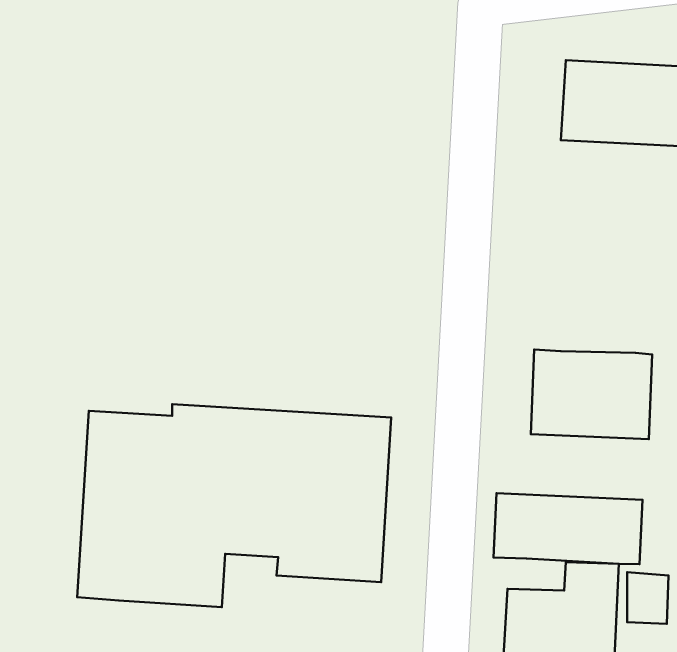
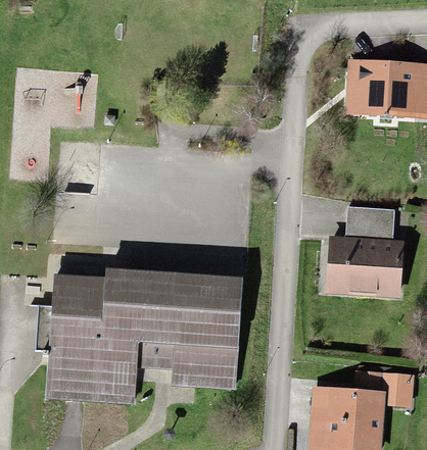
building: none -> [346,208,393,240]
building: [494,493,642,564] -> none

